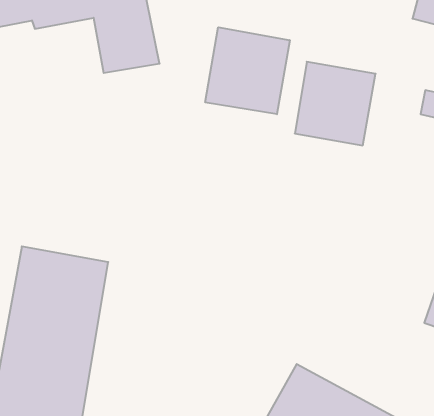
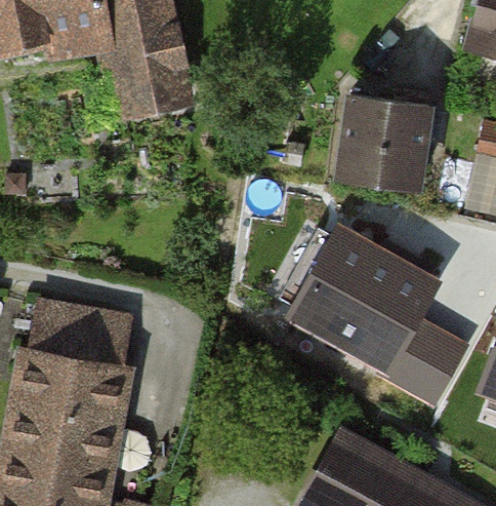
building: [205,27,290,114] -> none
building: none -> [293,231,463,401]

